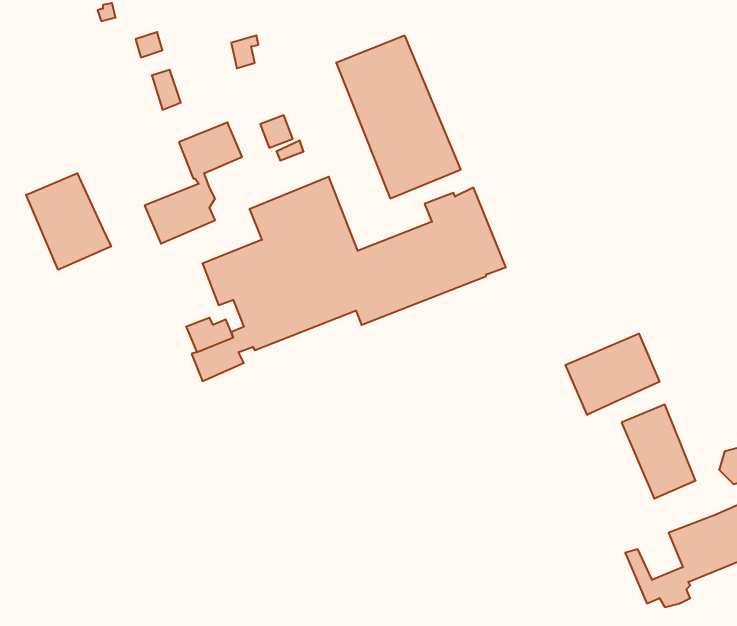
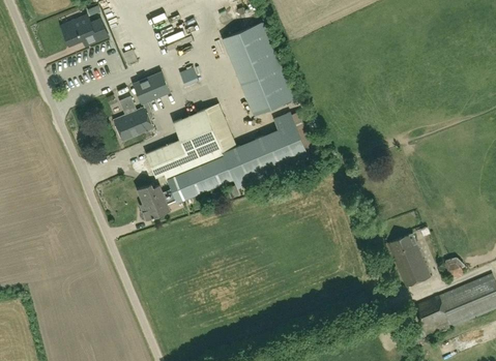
building: none -> [64,17,106,44]
building: [26,173,111,270] -> none
building: [565,333,659,415] -> none

